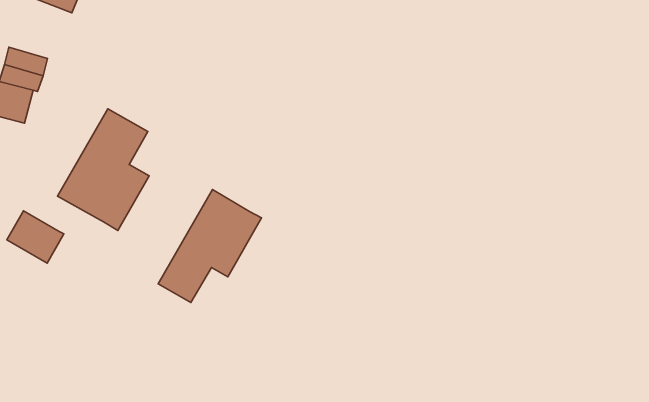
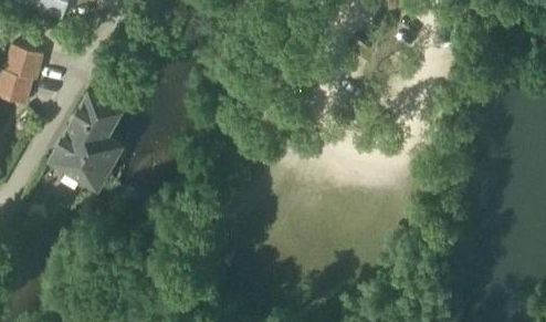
building: [158,190,261,303] -> none
building: [7,211,64,263] -> none

